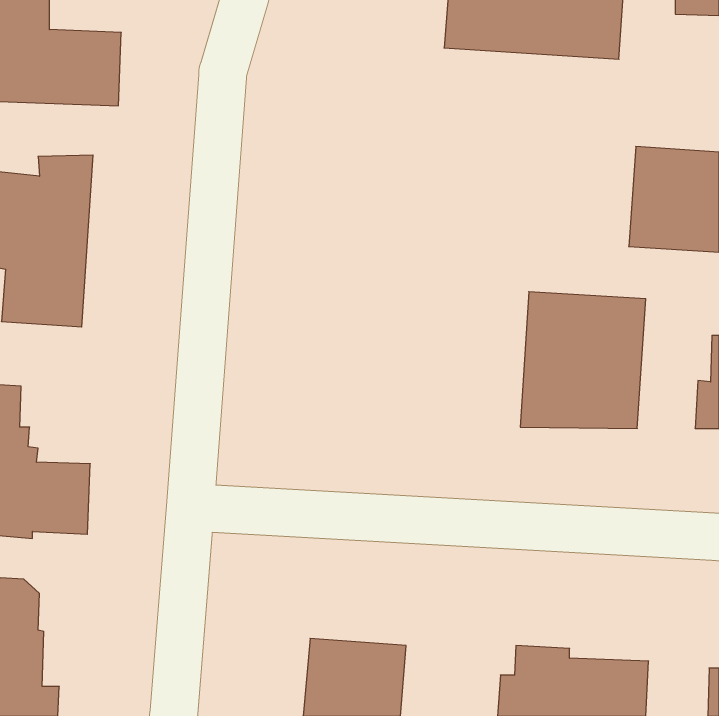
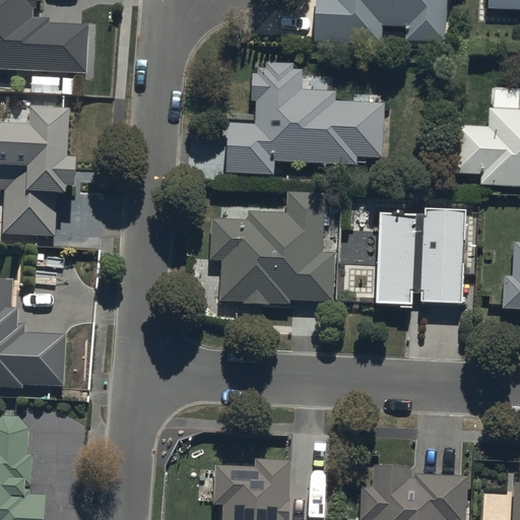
building: none -> [224,68,382,174]
building: none -> [212,192,339,303]

